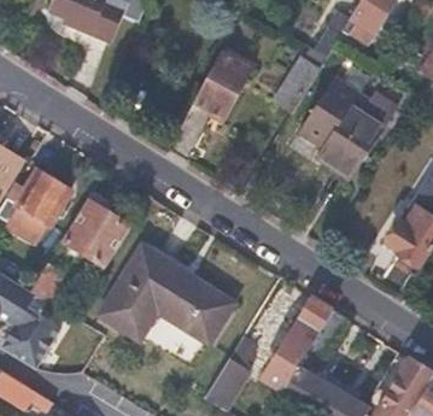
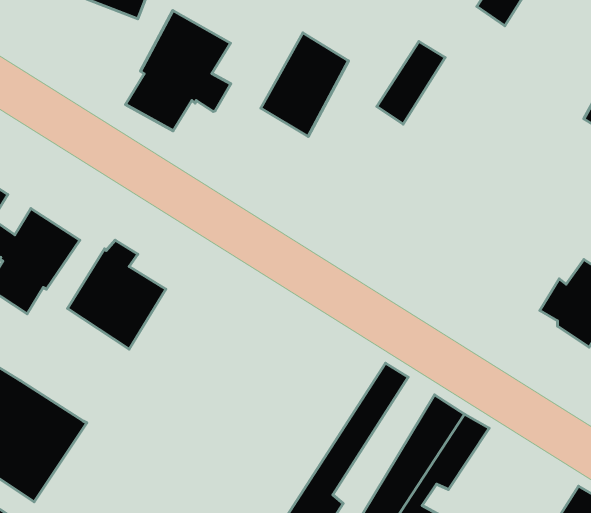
building: none -> [126,11,231,131]
building: [299,77,397,177] -> none
building: [98,244,232,341] -> none

